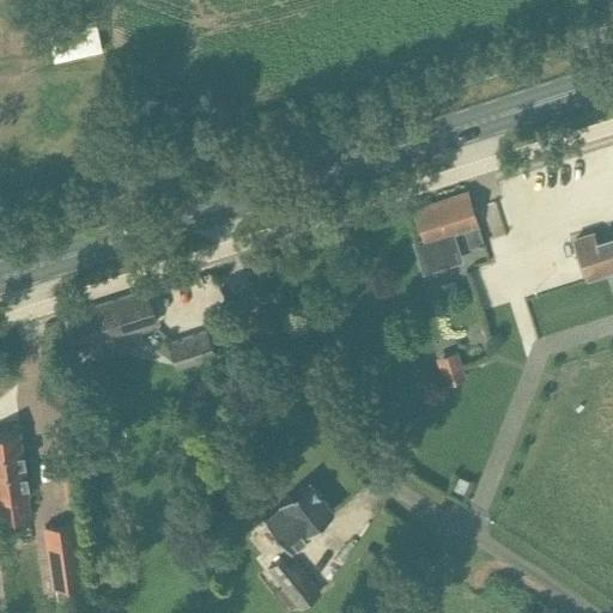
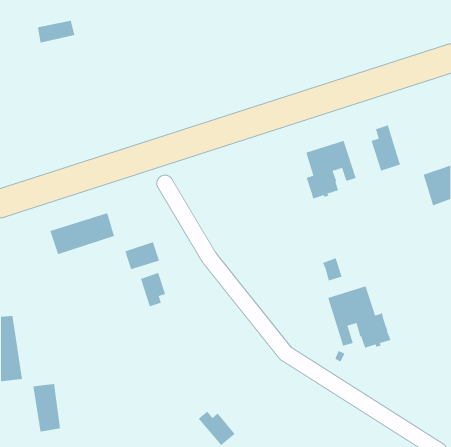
building: none -> [371,125,401,172]
building: none -> [140,272,166,307]
building: none -> [327,285,391,348]
building: [265,482,334,554] -> none

